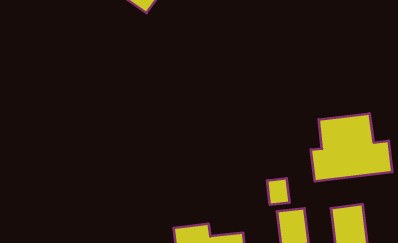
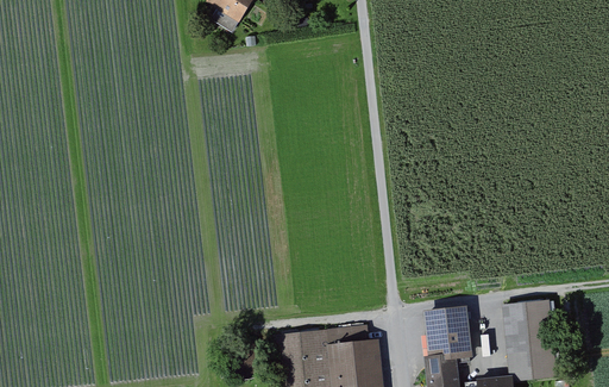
building: [311,113,392,181] -> none
building: [267,178,289,205] -> none

